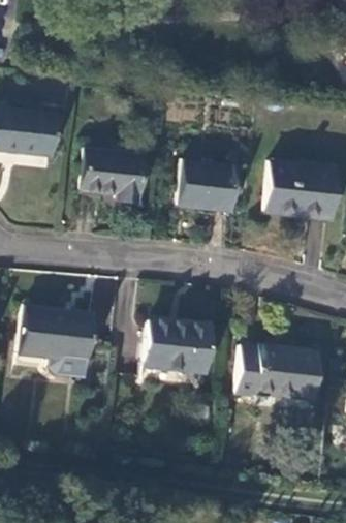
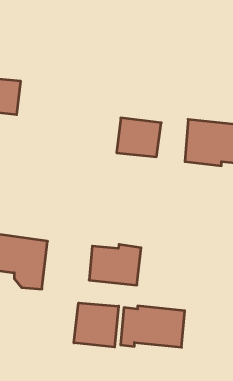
building: [83,147,146,198] -> none
building: [240,345,321,398] -> [121,306,185,347]
building: none -> [74,303,119,347]

